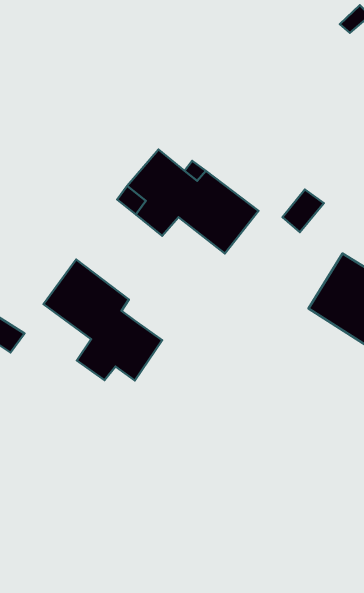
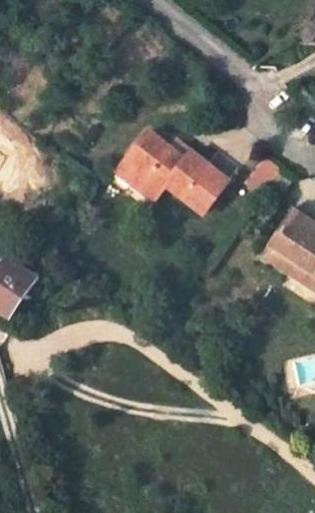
building: [44,259,162,381] -> none

